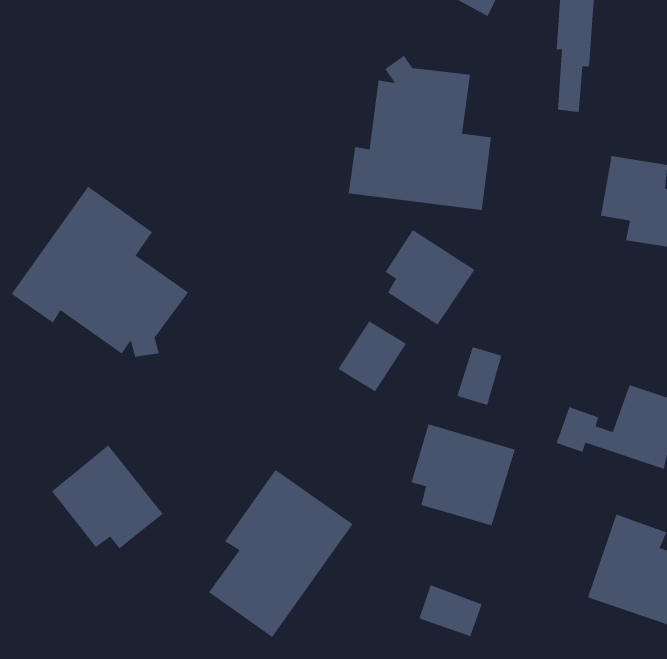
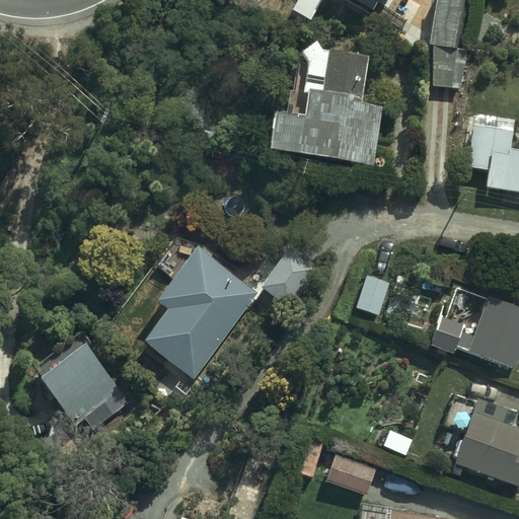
building: [11,186,189,357] -> none
building: [385,229,475,326] -> none
building: [411,424,515,526] -> none
building: [208,469,353,638] -> [145,246,257,377]

